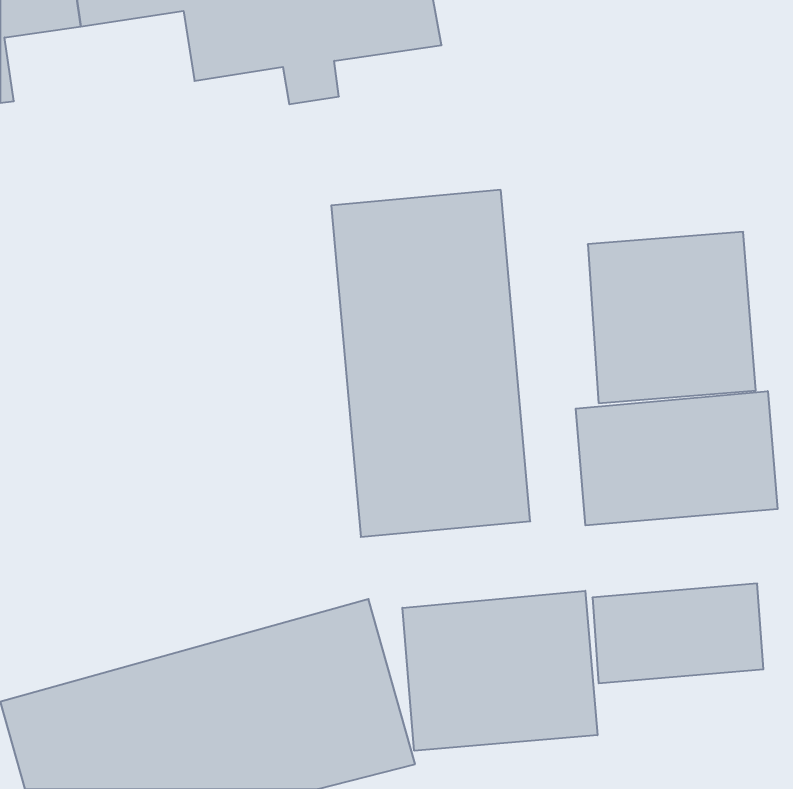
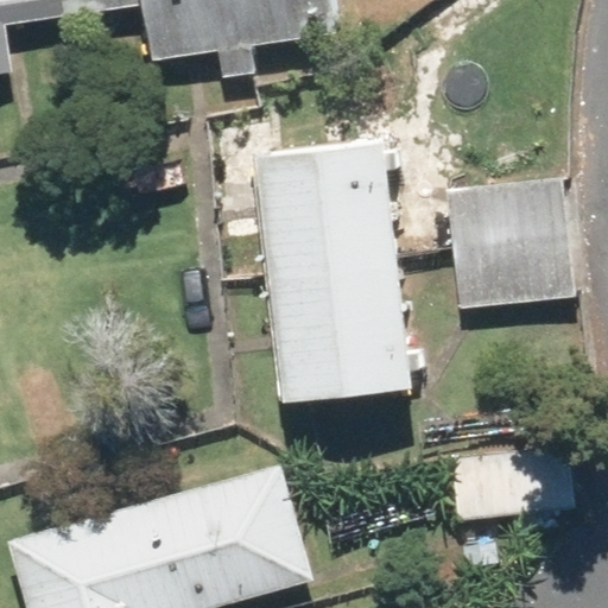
building: [576,391,778,525] -> none
building: [402,591,597,751] -> none

